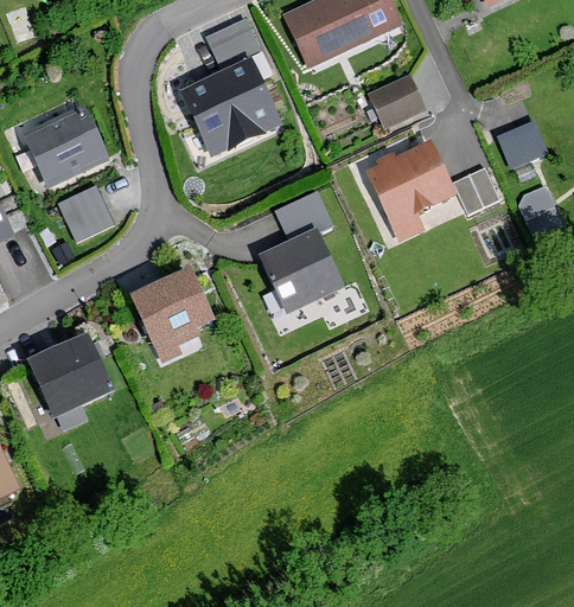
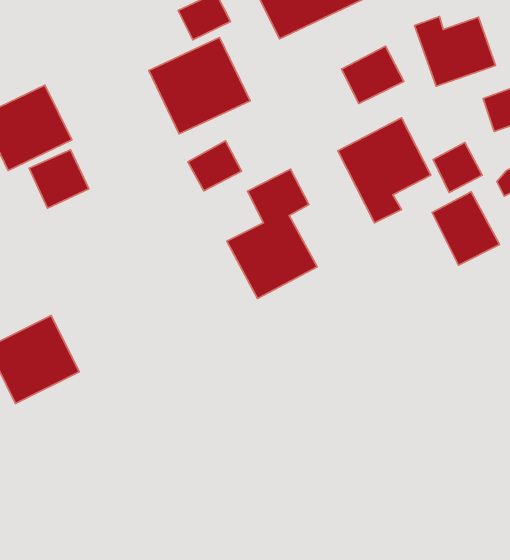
building: none -> [414,17,496,86]
building: none -> [188,141,242,191]
building: none -> [432,192,499,265]
building: [130,273,213,363] -> none

